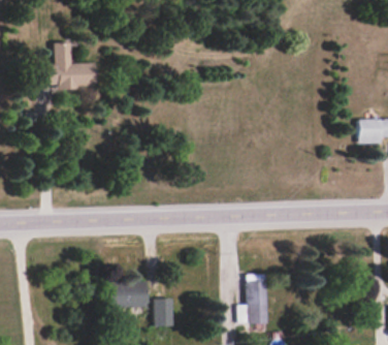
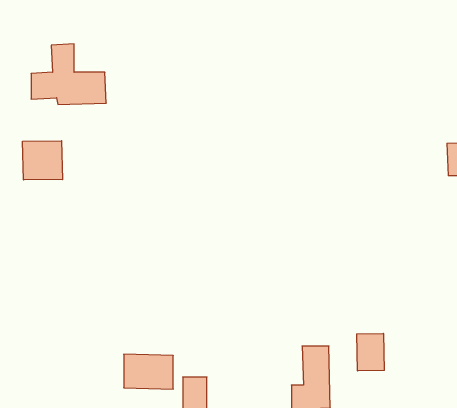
building: none -> [23,141,63,180]
building: none -> [357,333,384,371]

